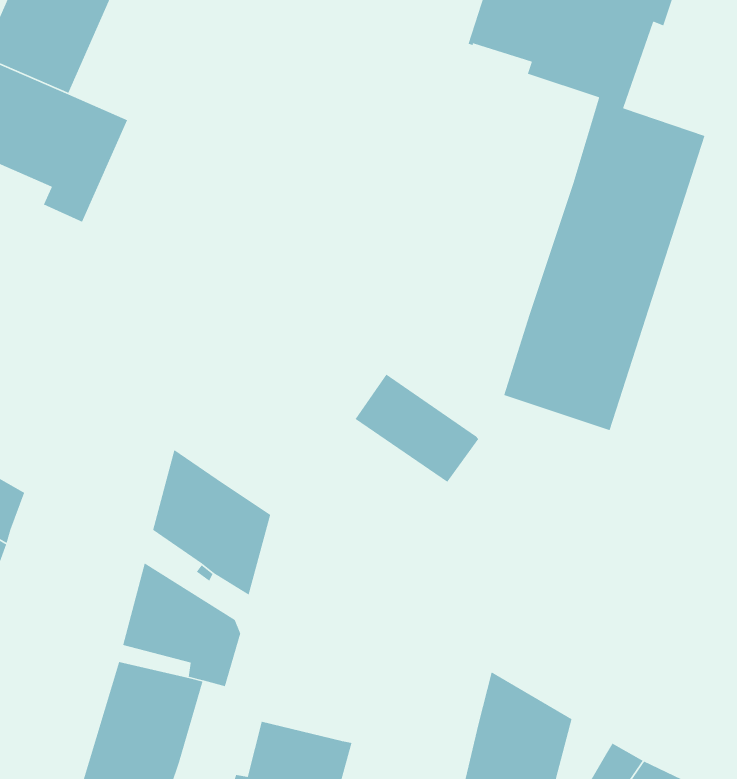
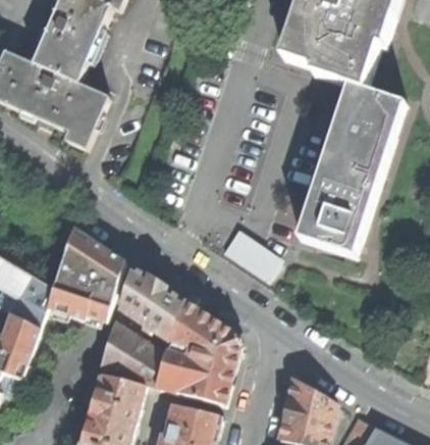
building: none -> [47,227,123,317]
building: none -> [157,298,239,404]

